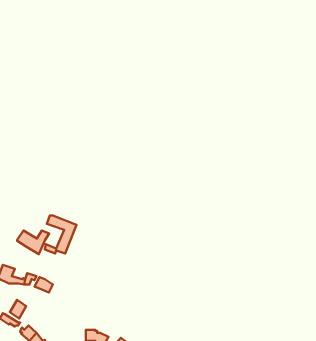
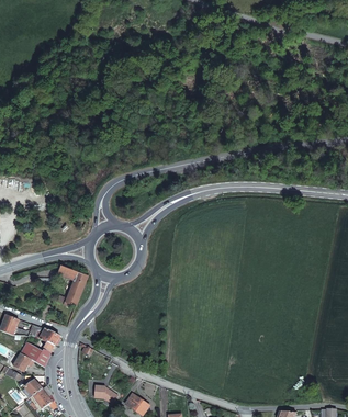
building: [17,230,49,254] -> [21,342,55,368]

